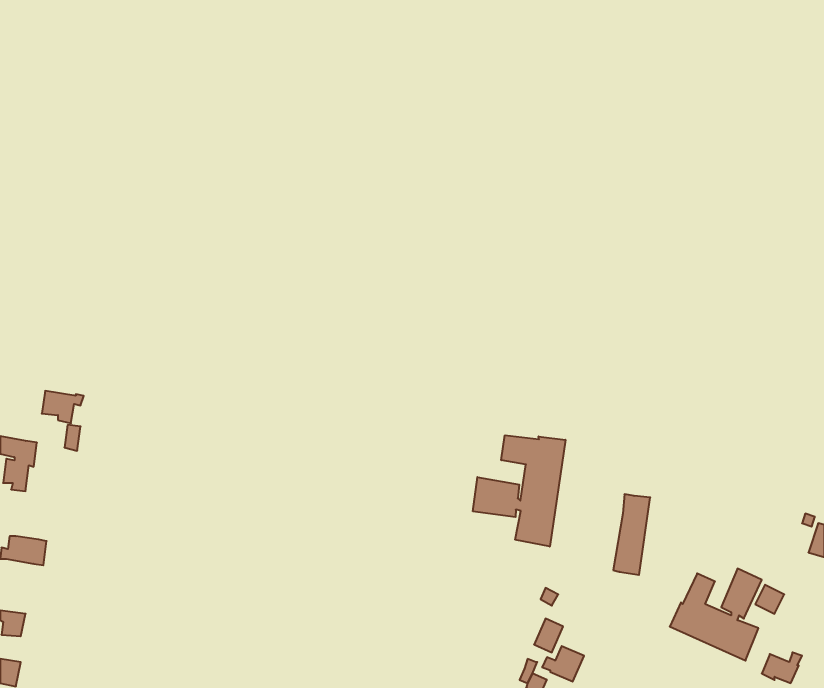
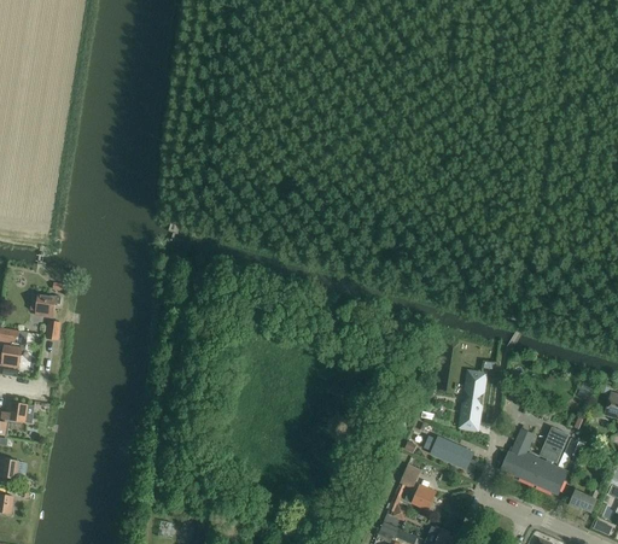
building: [473,435,565,547] -> none
building: none -> [424,435,473,468]

